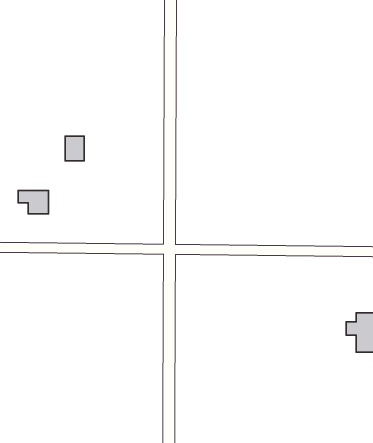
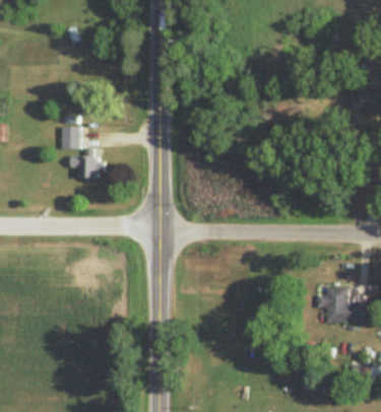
building: [18,190,48,214] -> [69,154,97,176]

